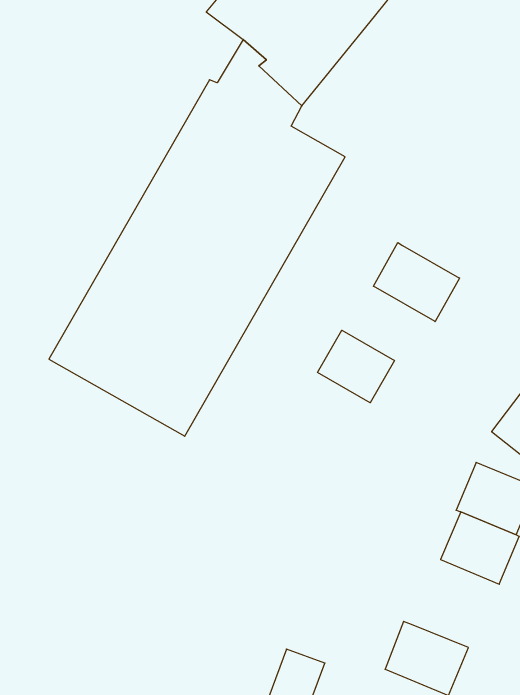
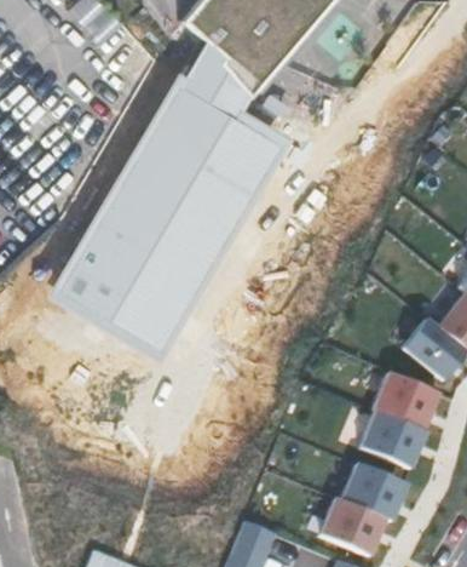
building: [373,243,460,322] -> none
building: [318,330,394,403] -> none
building: none -> [340,462,407,520]

